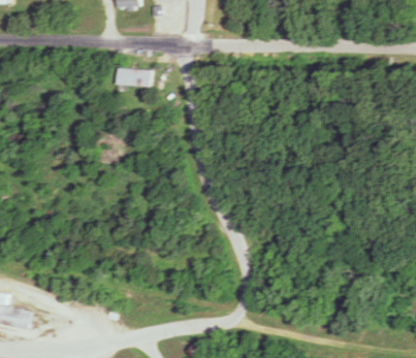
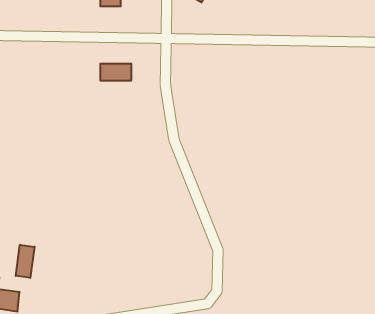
building: none -> [16,245,35,278]

